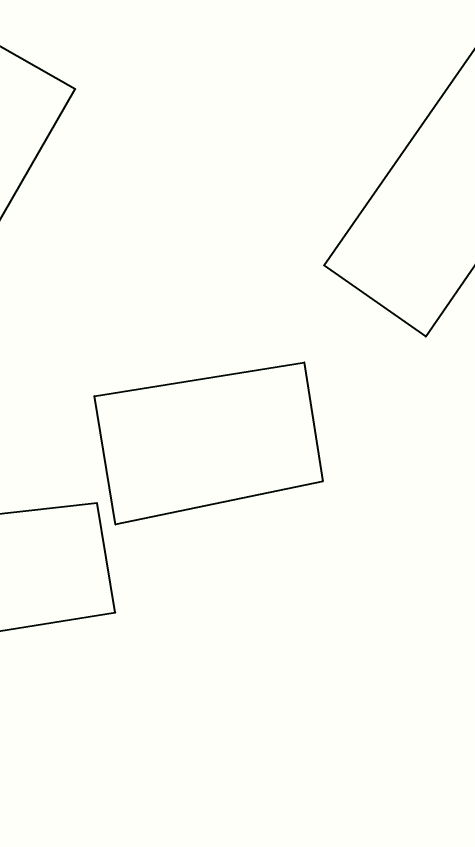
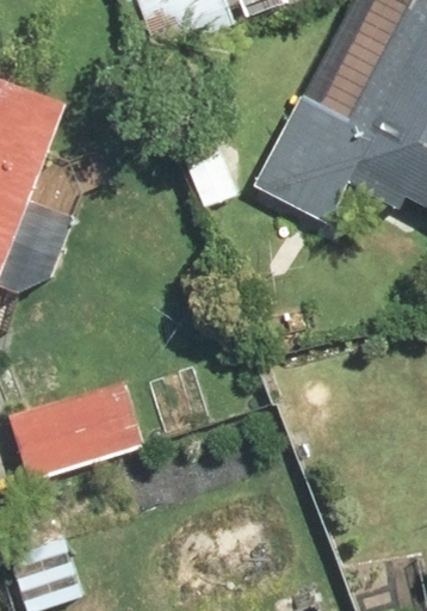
building: [94,362,323,525] -> none

